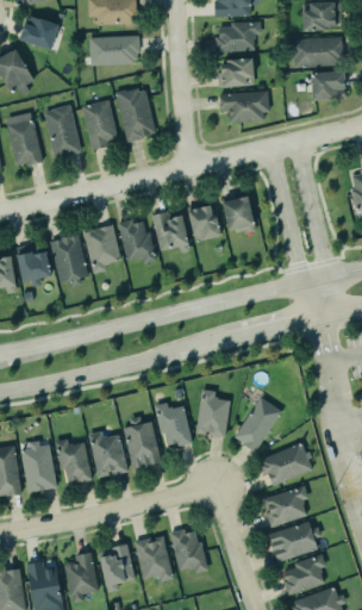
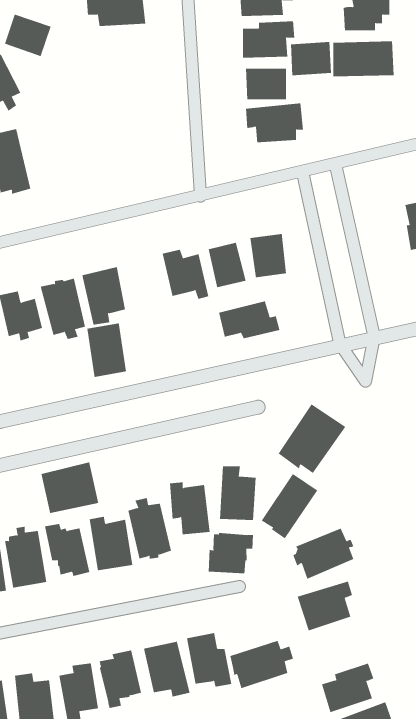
building: [89,36,139,66] -> none
building: [310,71,344,100] -> [290,41,332,76]
building: [116,88,155,142] -> none
building: [81,99,117,149] -> none
building: [45,106,79,158] -> none
building: [120,219,154,264] -> [87,323,127,377]
building: none -> [219,301,280,339]
building: none -> [278,403,346,474]
building: none -> [41,461,99,514]
building: none -> [208,532,254,574]
building: [267,521,320,561] -> [229,640,294,689]

